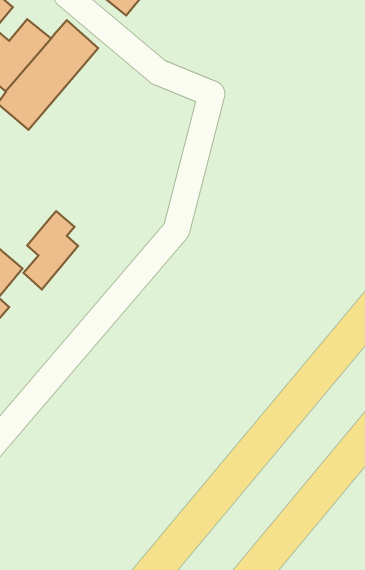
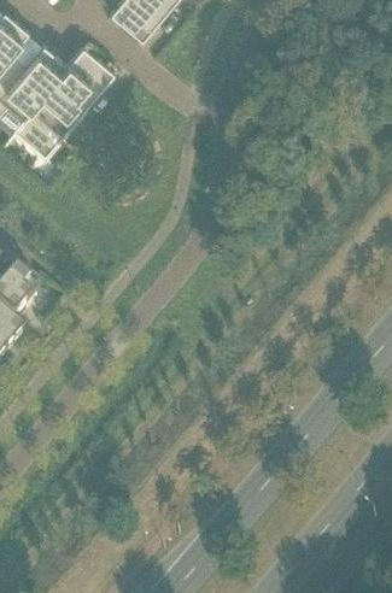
building: [23,211,78,289] -> none

